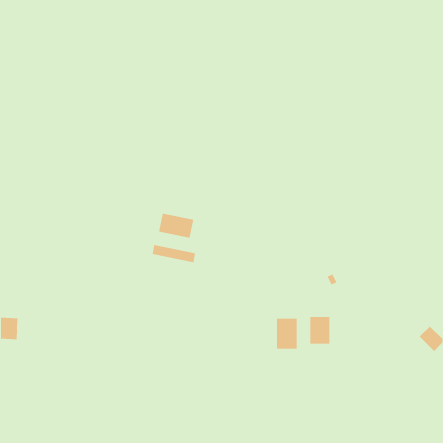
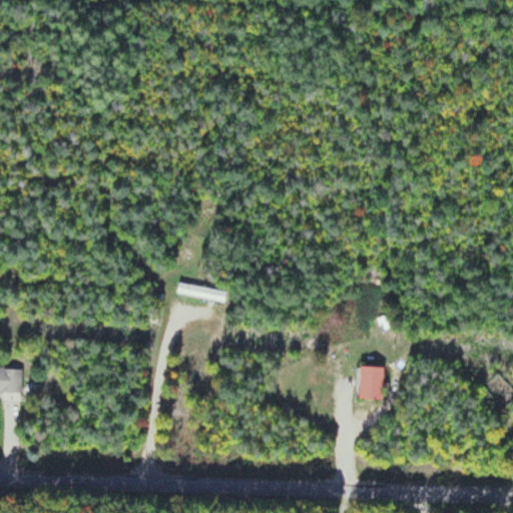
building: [158,213,194,239] -> none
building: [277,318,297,349] -> none

